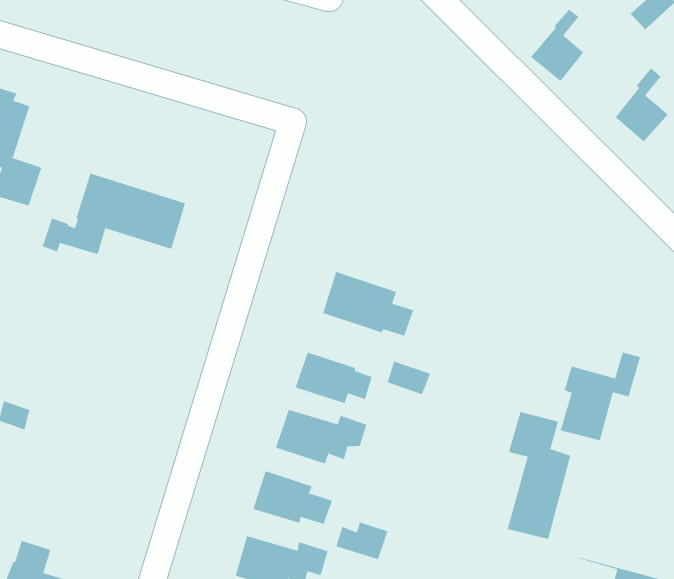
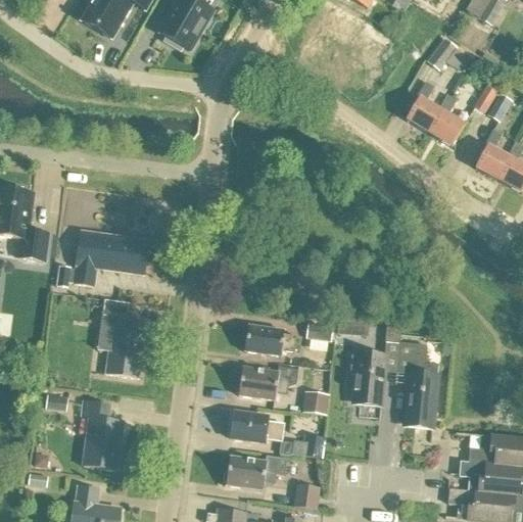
building: [530,9,584,82] -> [405,82,440,132]
building: [323,271,414,336] -> none
building: none -> [98,298,145,377]
building: [560,352,641,441] -> [350,340,398,402]
building: none -> [81,399,124,469]
building: none -> [301,390,328,415]

